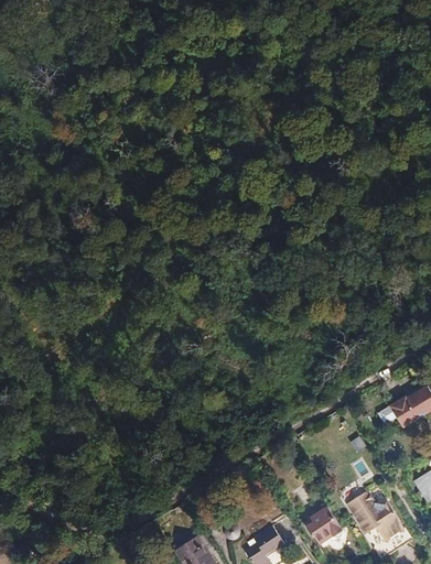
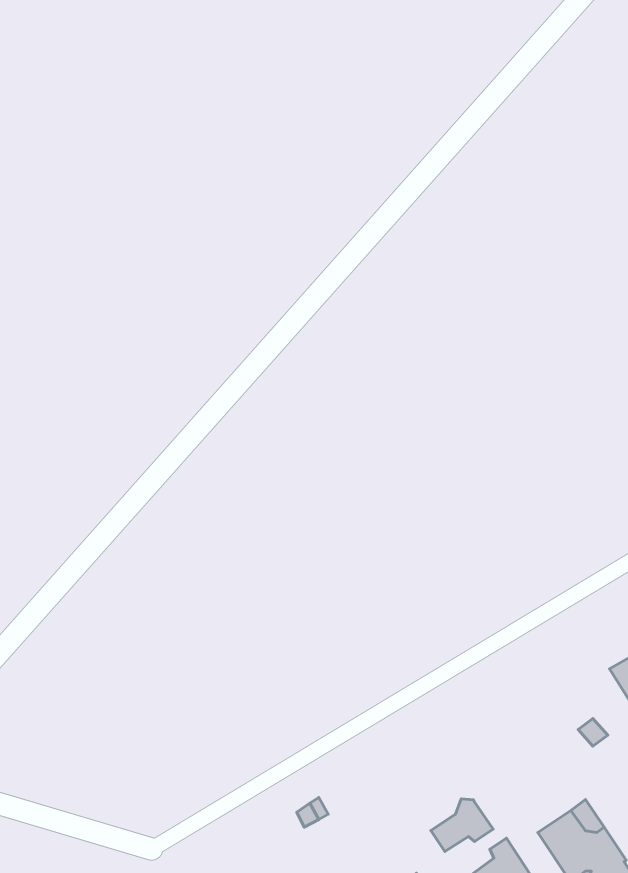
building: none -> [431,799,493,852]

